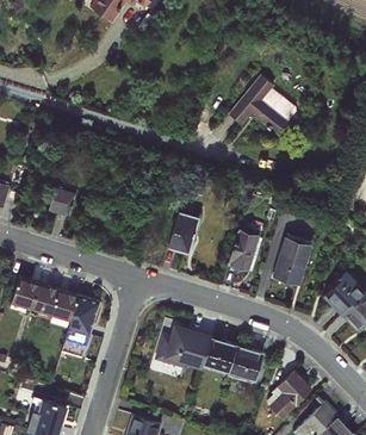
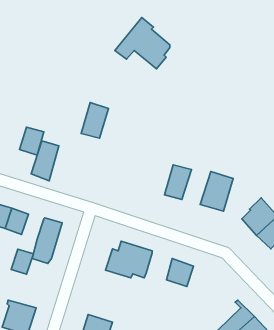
building: [227,74,294,137] -> [115,18,170,69]
building: none -> [31,141,59,181]
building: [167,210,200,254] -> [81,103,108,138]
building: [50,290,77,321] -> [11,249,33,274]
building: [204,337,236,371] -> none
building: [268,369,312,420] -> none

